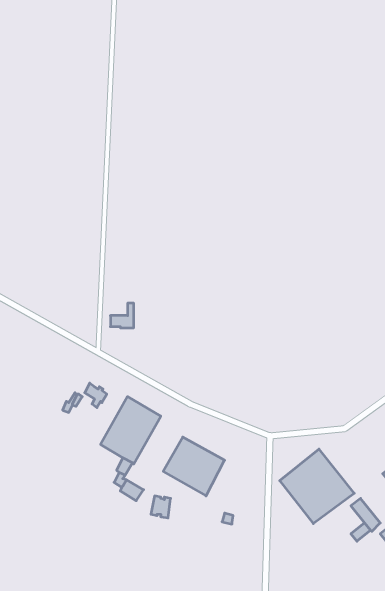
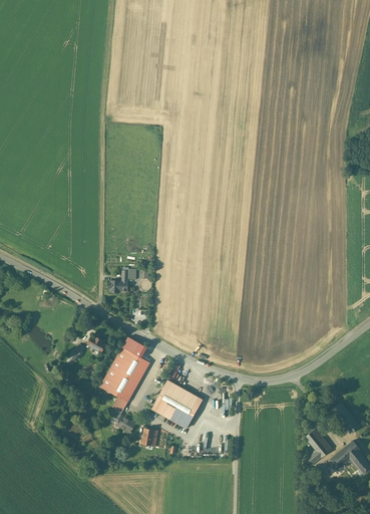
building: [280,449,354,524] -> none

